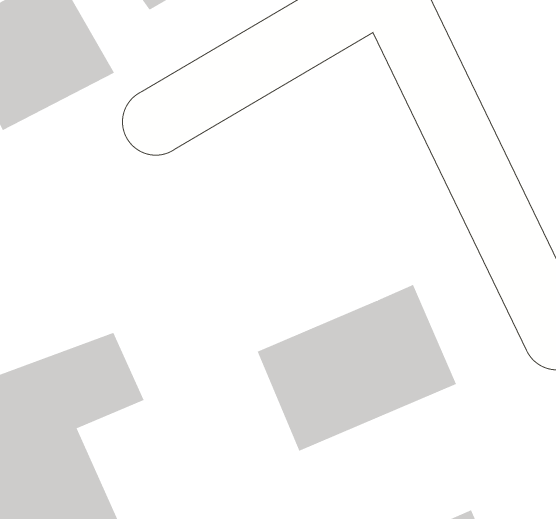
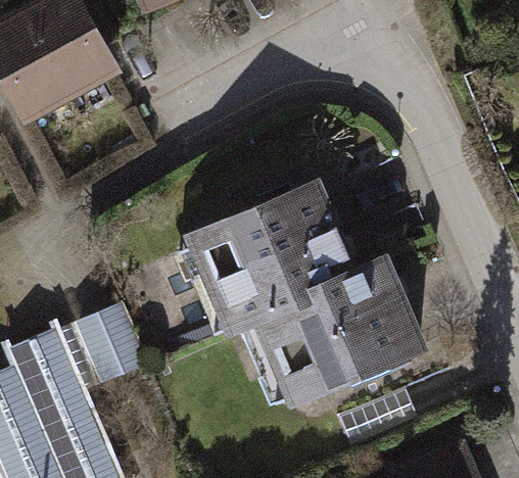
building: none -> [179,180,357,334]

